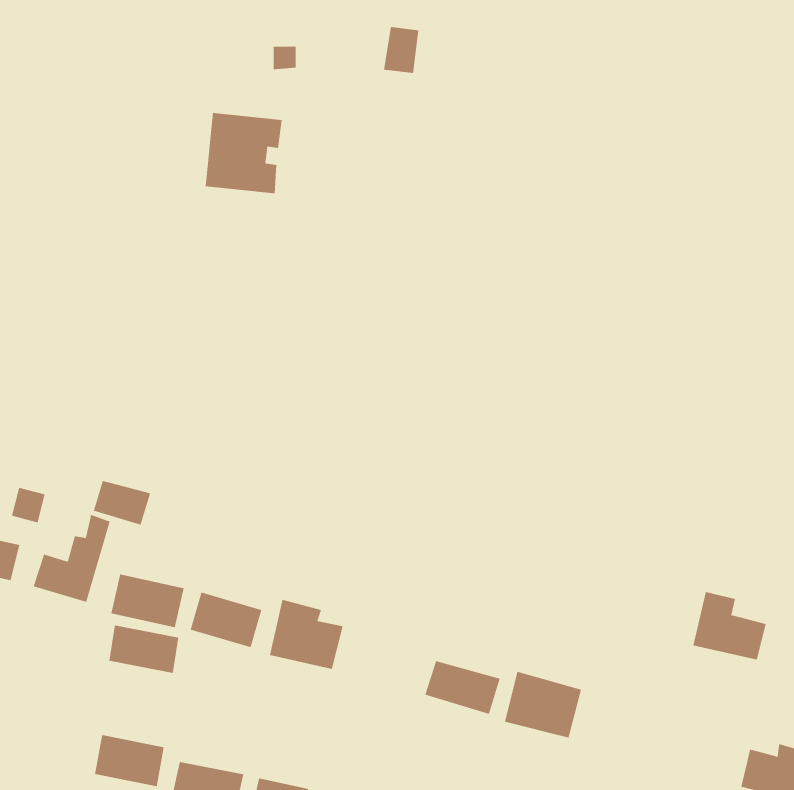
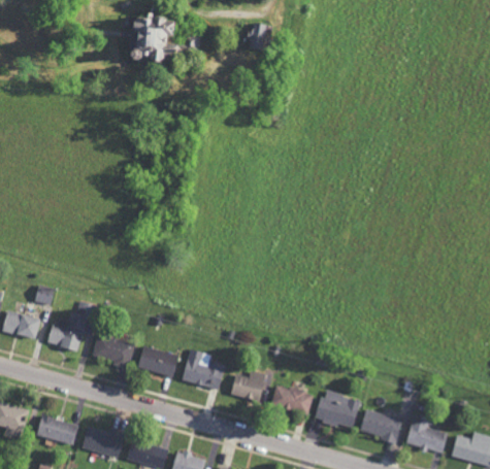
building: [205,113,283,194] -> [128,14,172,61]
building: [93,480,151,526] -> none
building: [692,591,766,660] -> [406,414,449,454]
building: [109,625,179,674] -> [37,416,77,444]
building: none -> [231,371,266,402]
building: none -> [361,411,401,444]

